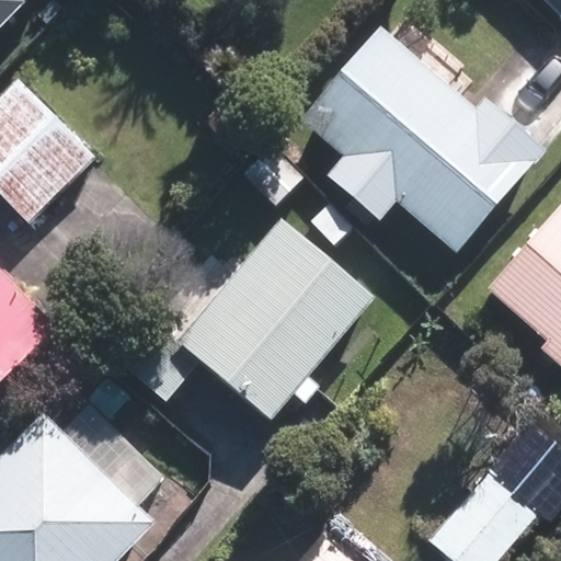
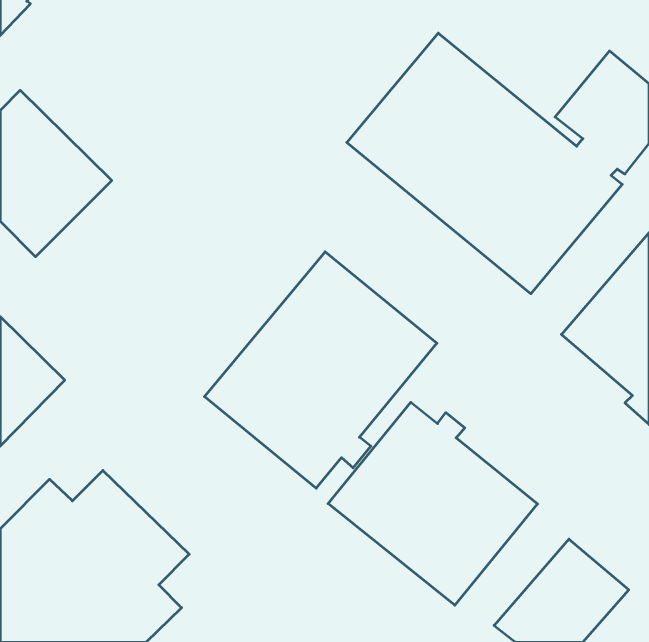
building: none -> [328,402,538,605]

